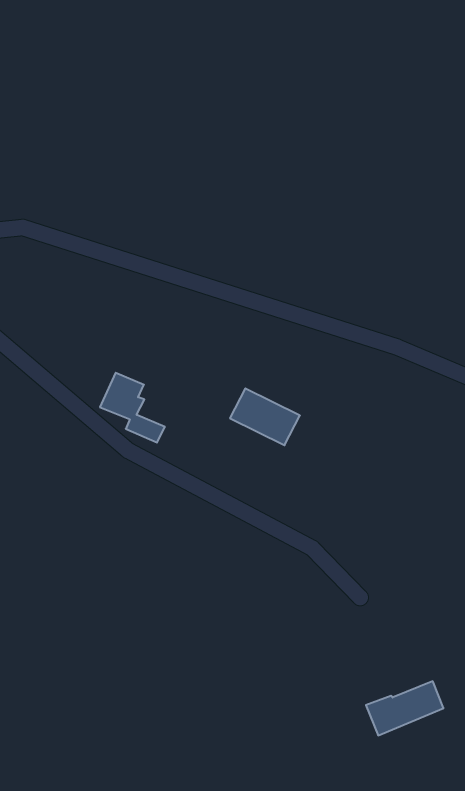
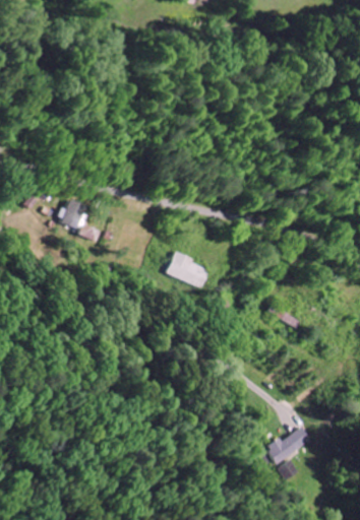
building: [100,373,165,443] -> [62,200,104,242]

